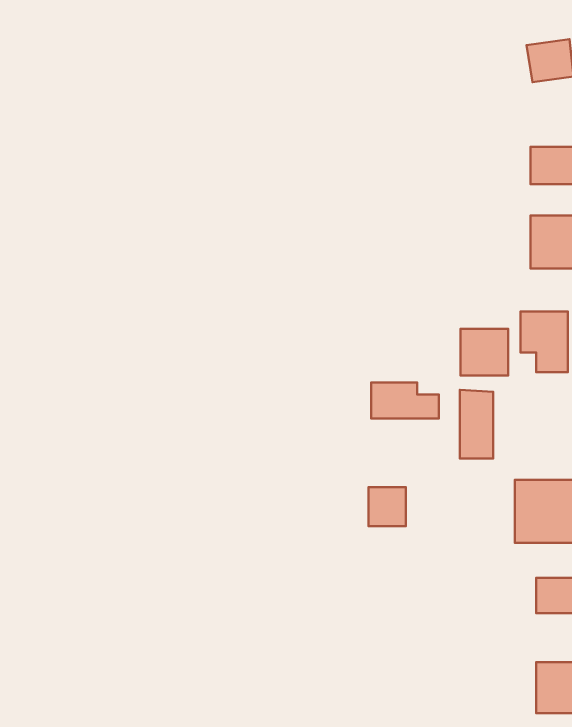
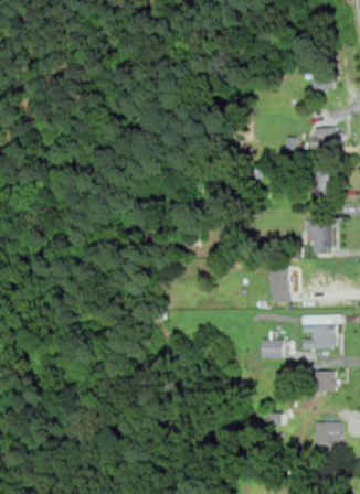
building: [461,329,508,375] -> none
building: [371,382,439,419] -> none
building: [368,487,406,526] -> [263,339,284,361]

